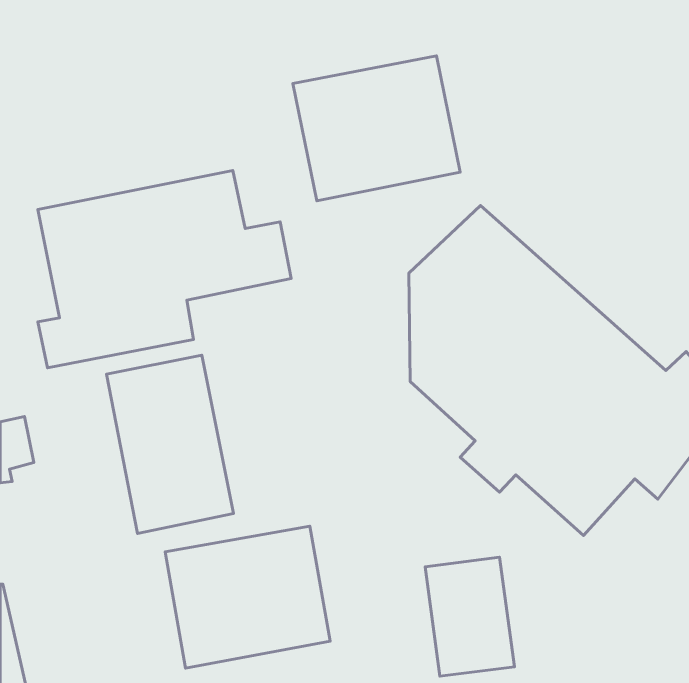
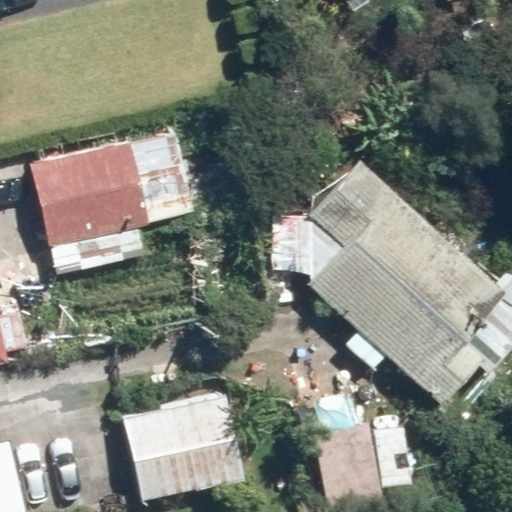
building: [293,56,460,201] -> none
building: [106,355,234,533] -> none

